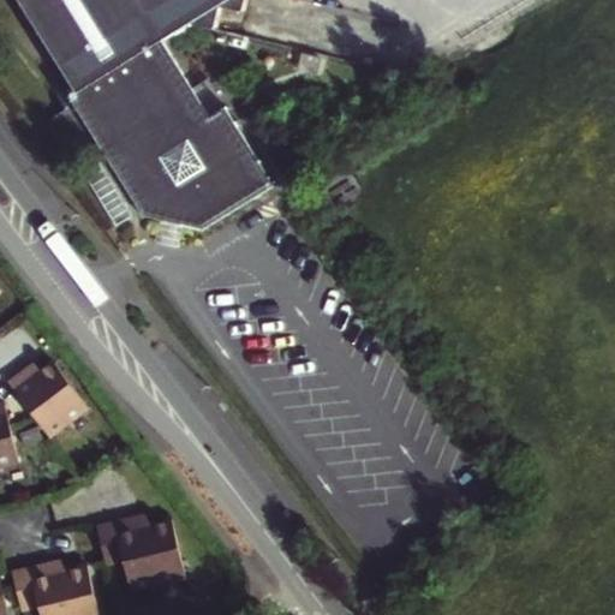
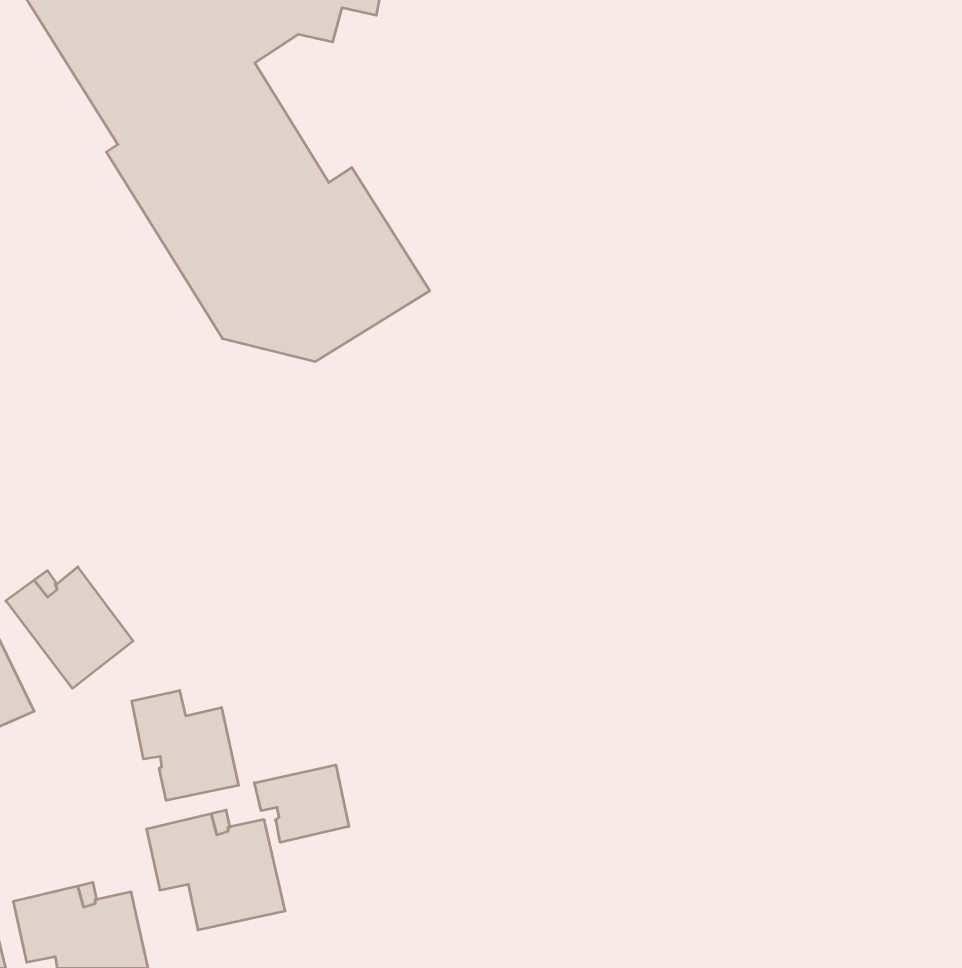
building: none -> [132,690,239,800]
building: none -> [254,765,349,842]

